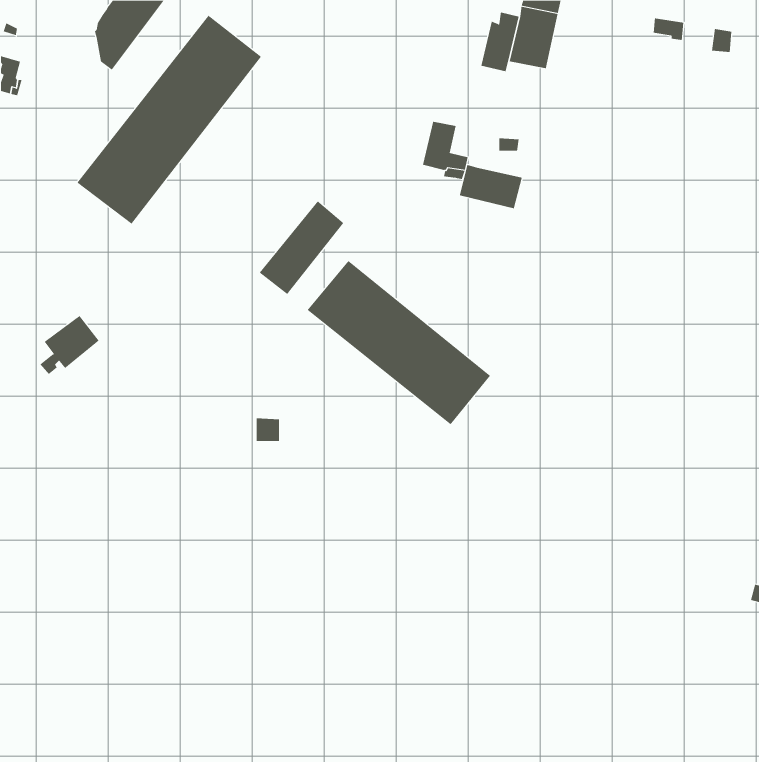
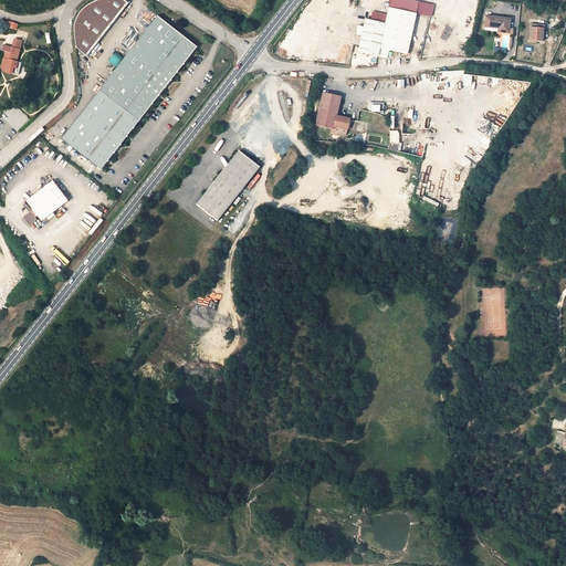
building: [459,164,522,209] -> none
building: [307,260,491,425] -> none
building: [39,315,99,375] -> [23,180,67,224]

